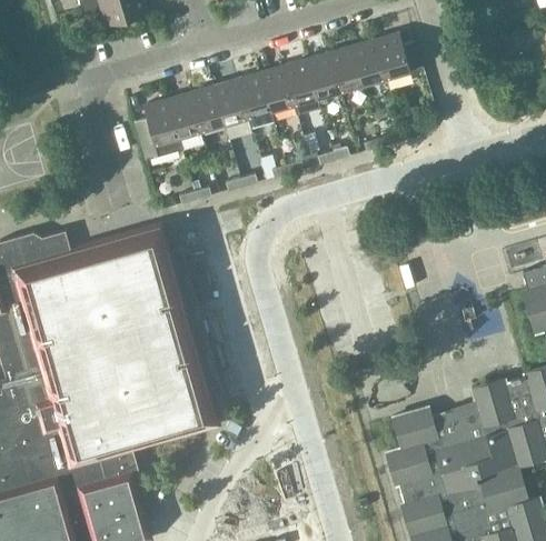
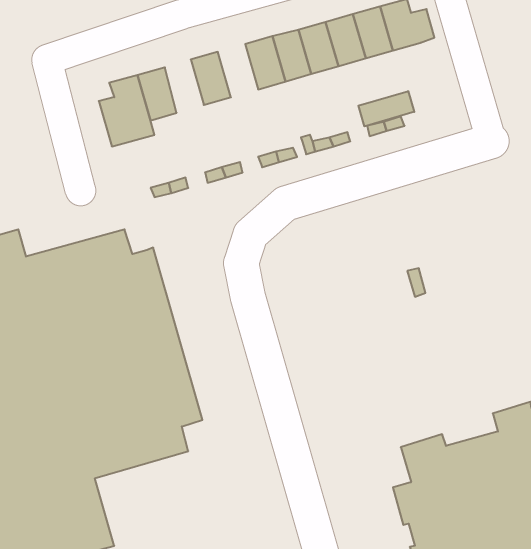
building: [235,72,272,130] -> none
building: [189,86,222,131] -> none
building: none -> [358,91,414,126]

